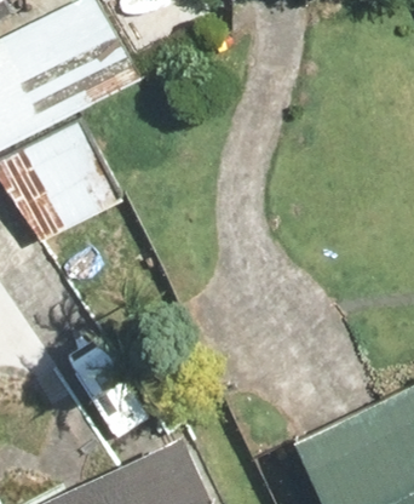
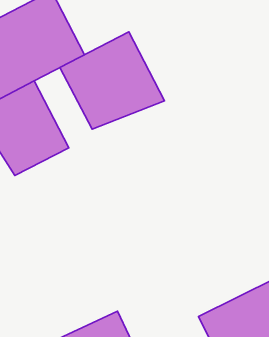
building: none -> [60,32,164,129]

